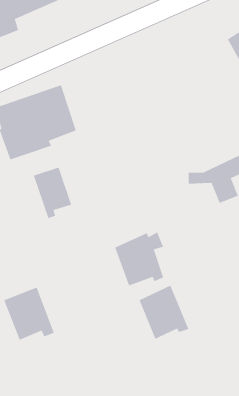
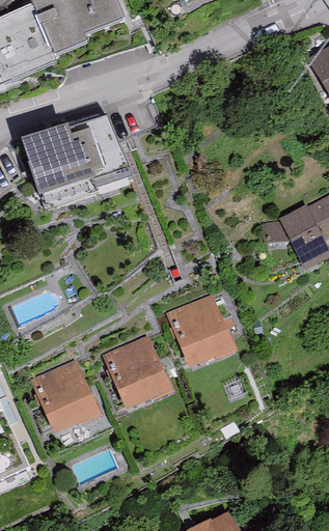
building: [33,167,72,219] -> none
building: [139,284,189,340] -> [110,338,172,406]

